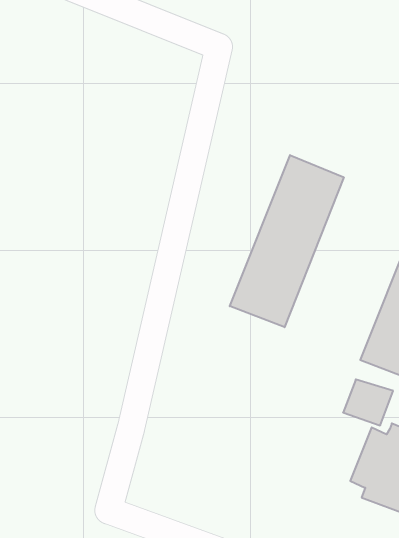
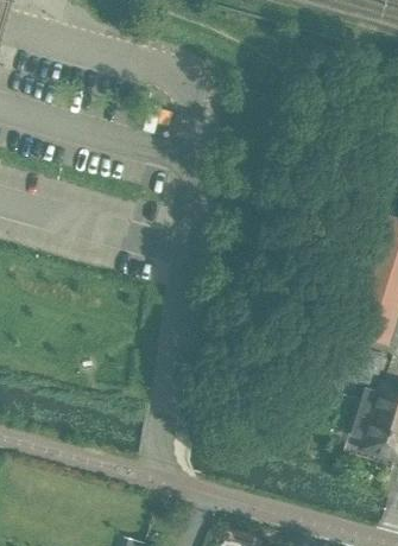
building: [230,155,344,327] -> none

